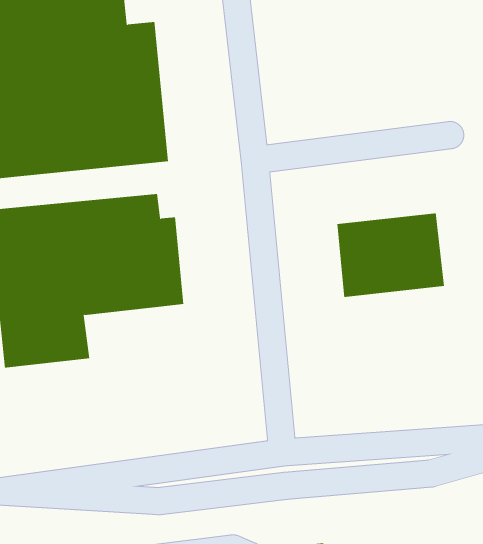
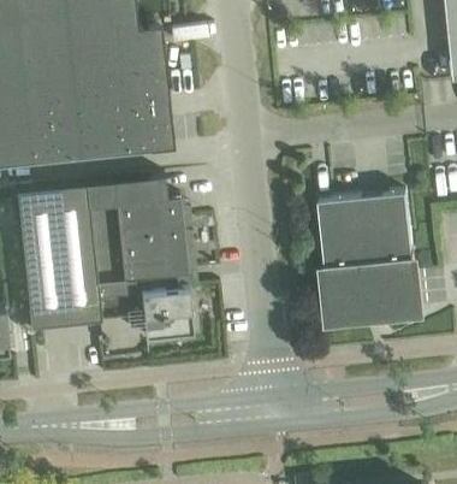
building: none -> [325,256,419,320]
building: none -> [100,273,194,340]

